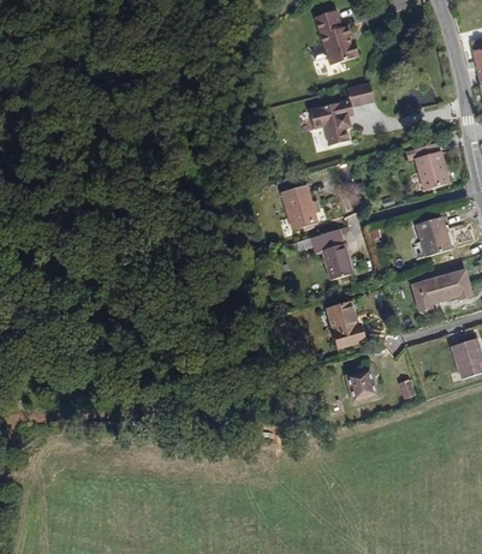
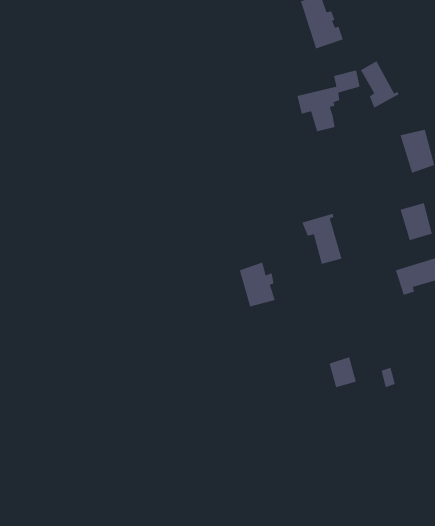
building: none -> [360,60,400,109]
building: [284,181,321,227] -> none
building: [323,304,361,351] -> [239,261,276,308]

